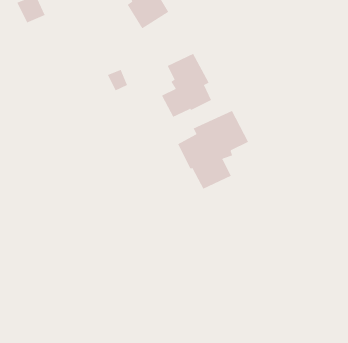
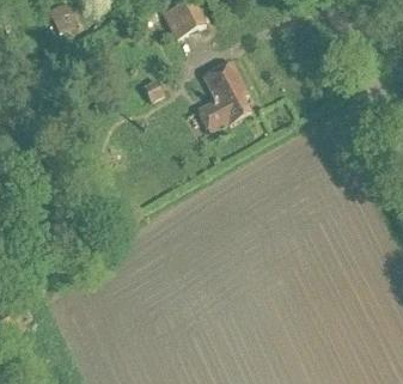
building: [177,110,249,190] -> none

